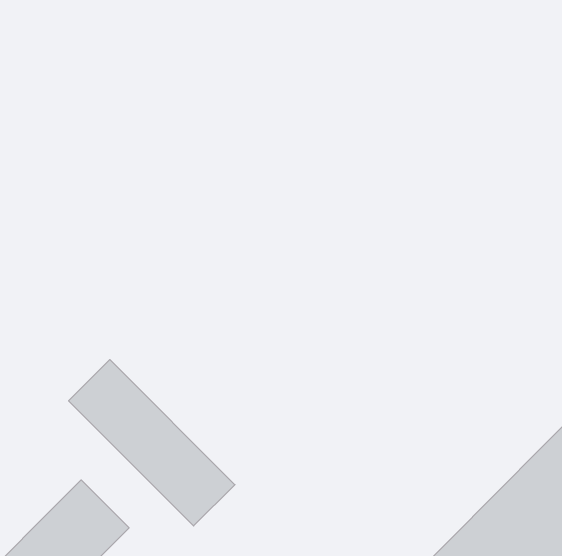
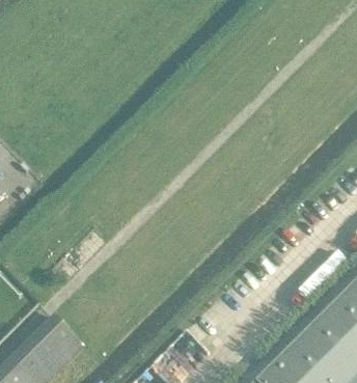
building: [69,360,235,526] -> none

